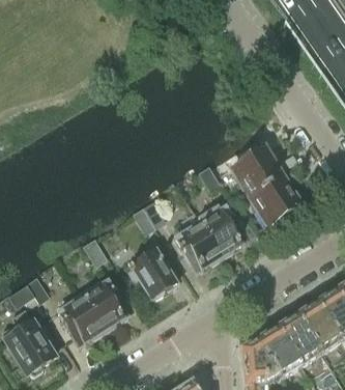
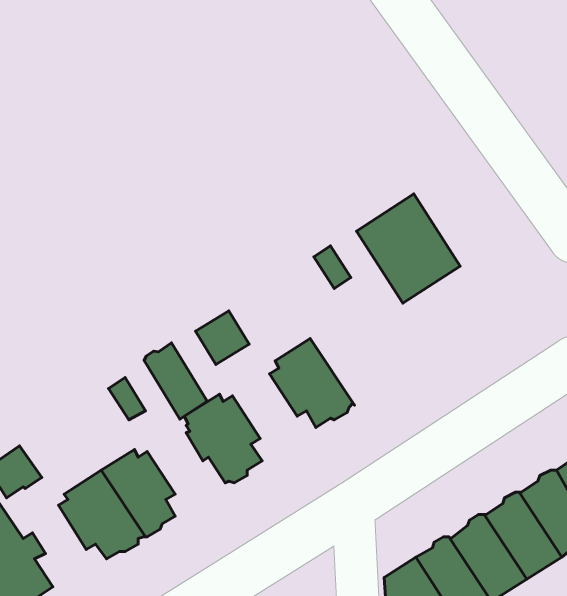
building: [249,176,305,230] -> none
building: [199,206,241,255] -> none
building: none -> [144,343,207,419]

